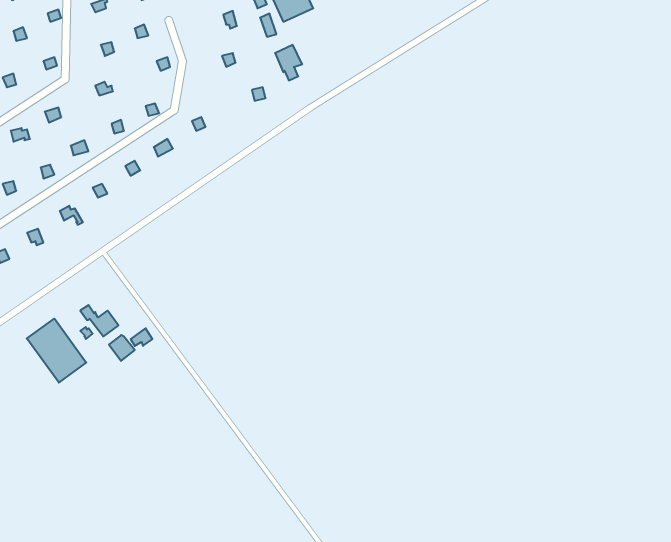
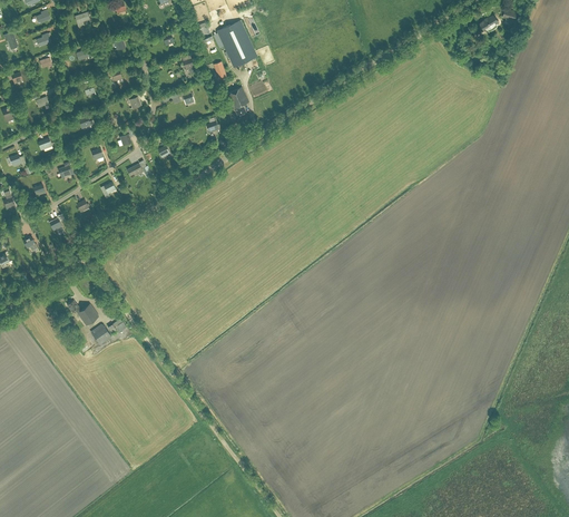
building: [27,319,86,383] -> none

